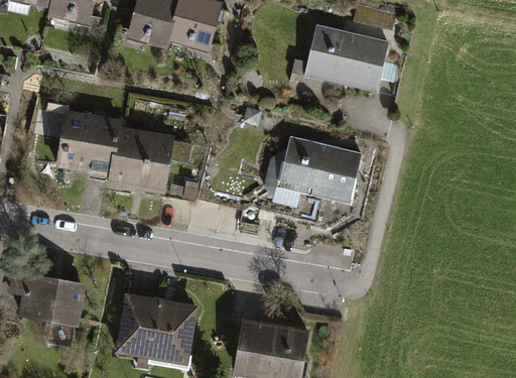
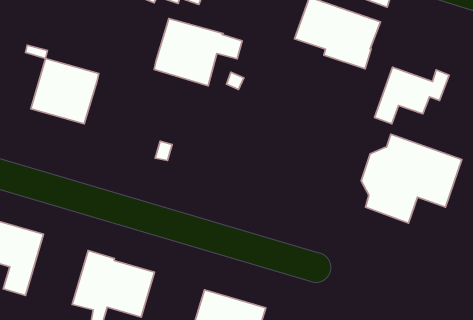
building: none -> [375,67,449,124]
building: [109,129,191,191] -> [154,18,242,86]
building: [265,136,361,221] -> [361,134,462,223]

